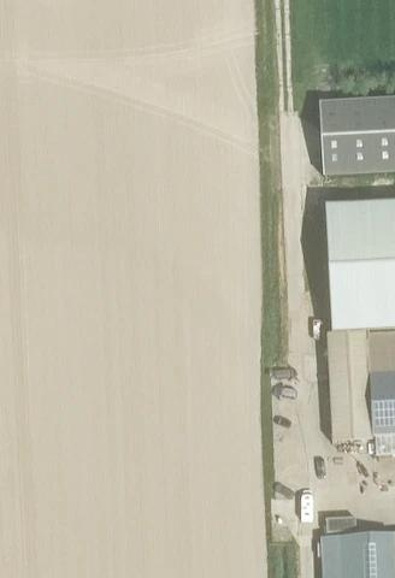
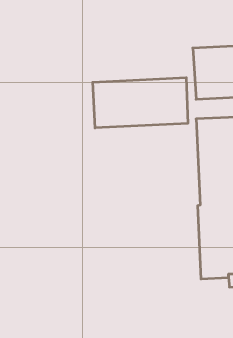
building: none -> [93,78,188,128]

